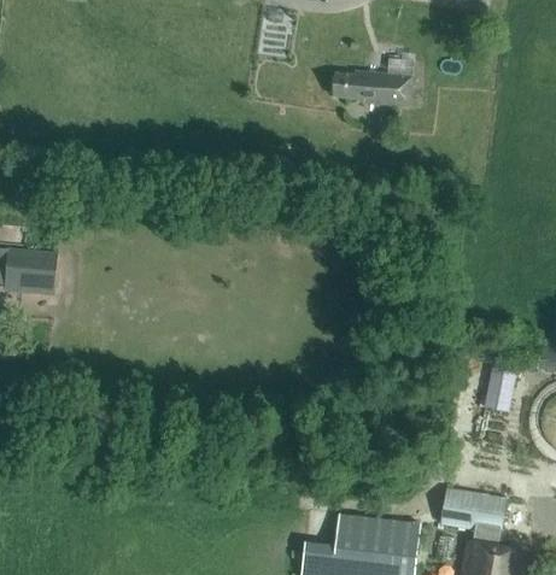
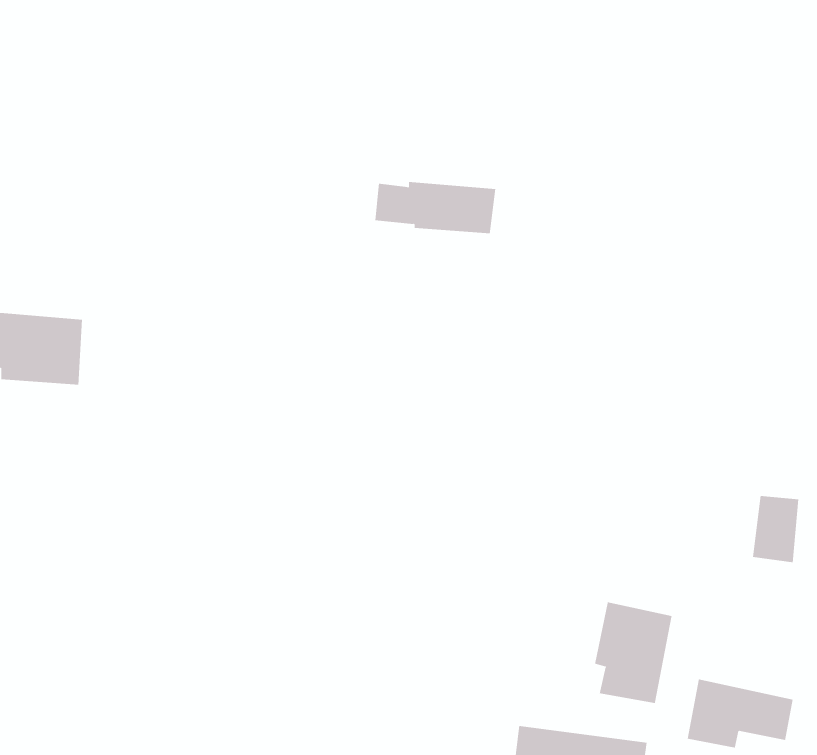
building: [330,70,409,104] -> [374,181,496,234]
building: none -> [594,602,672,704]

